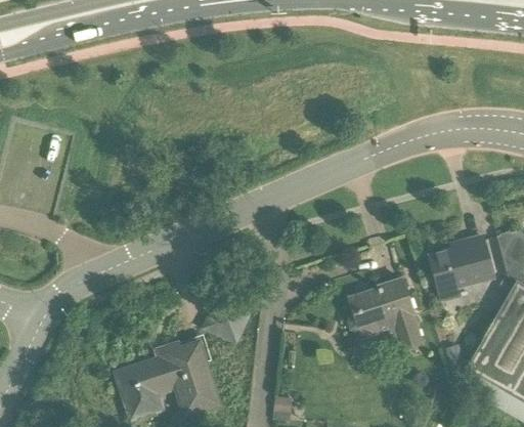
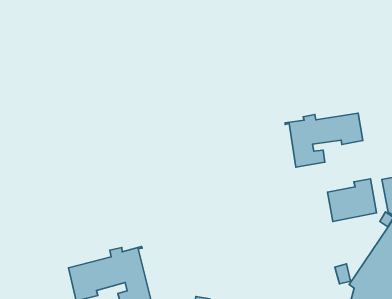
building: none -> [285,113,363,167]
building: [350,280,423,351] -> none

